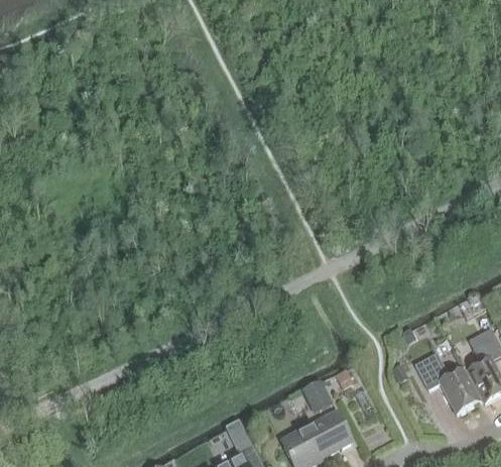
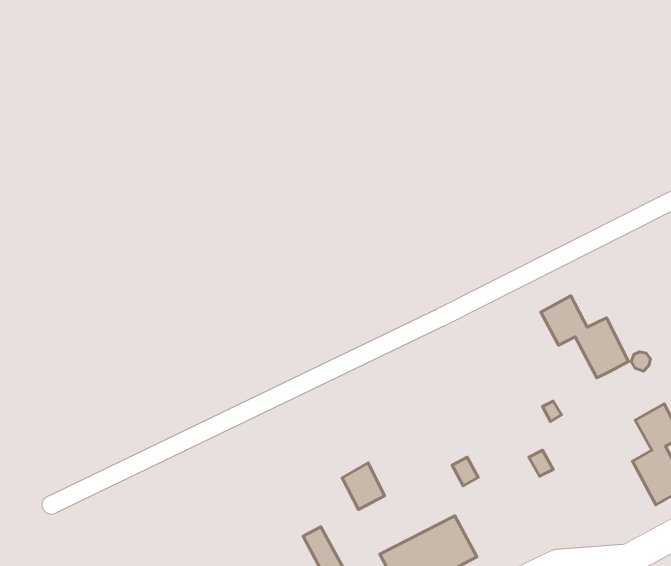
building: [414,352,479,413] -> [541,296,628,378]
building: [301,378,333,413] -> [342,463,385,509]

